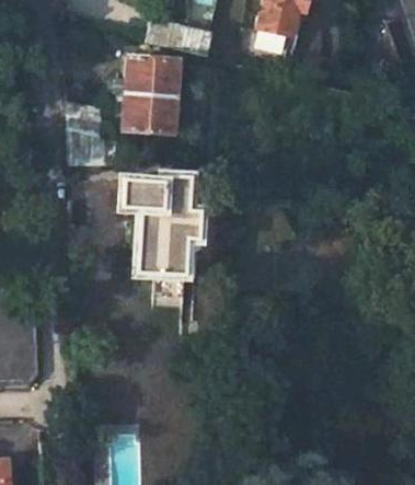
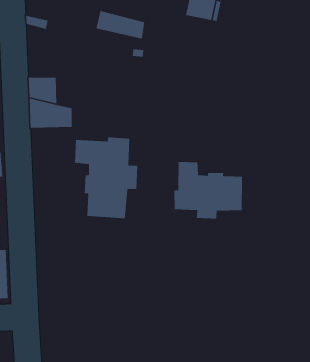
building: [123,57,176,134] -> none
building: none -> [174,161,243,219]

